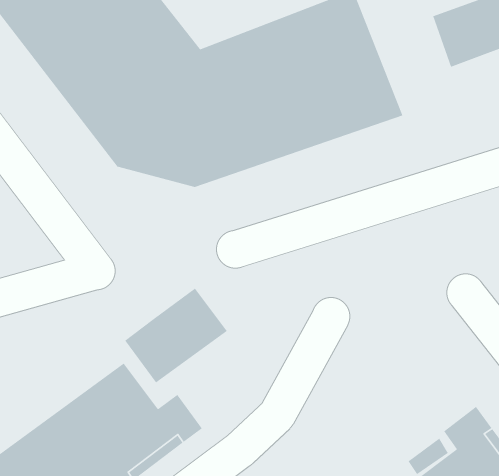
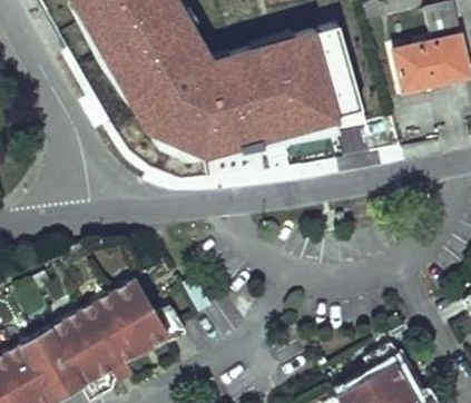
building: [124,288,228,383] -> none

